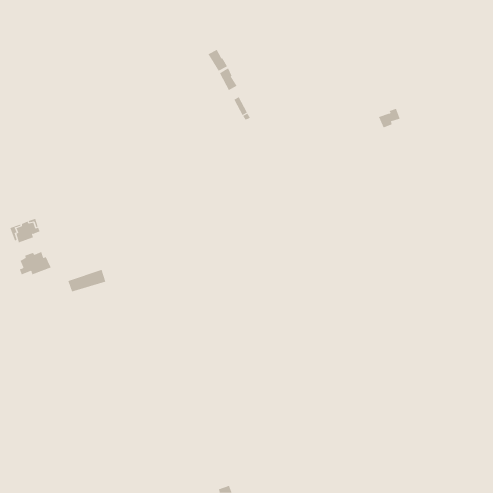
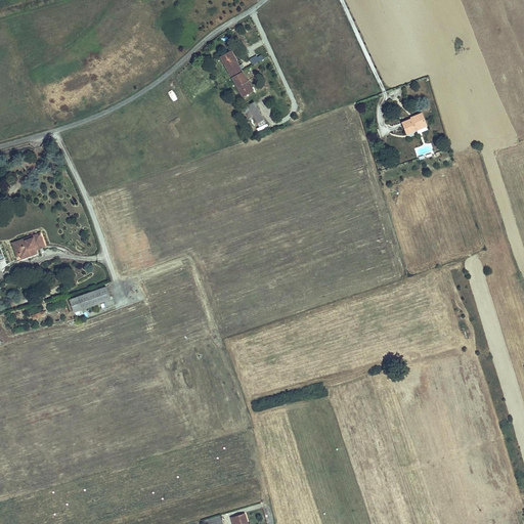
building: [19,251,51,275] -> none

